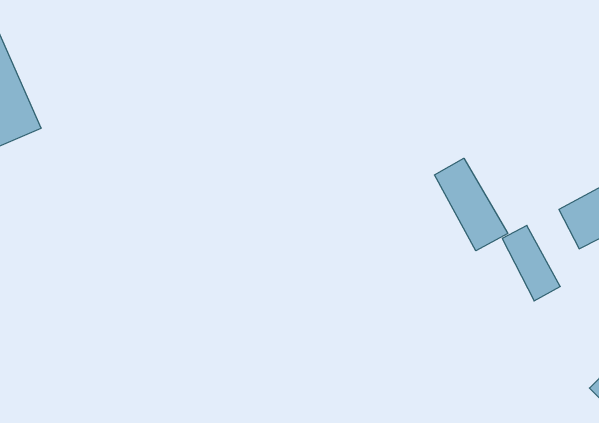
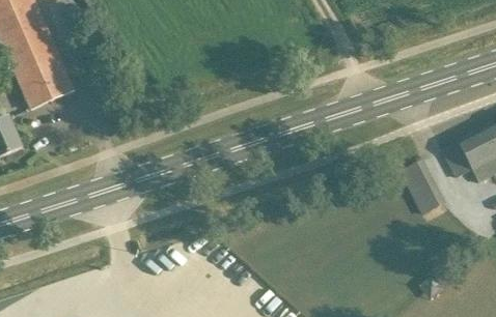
building: [434,158,508,251] -> none

